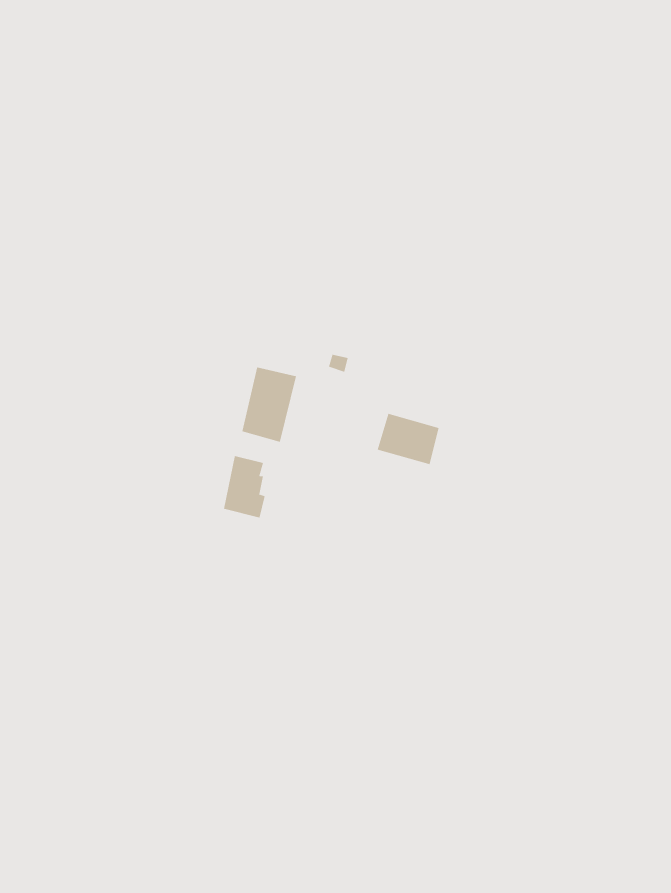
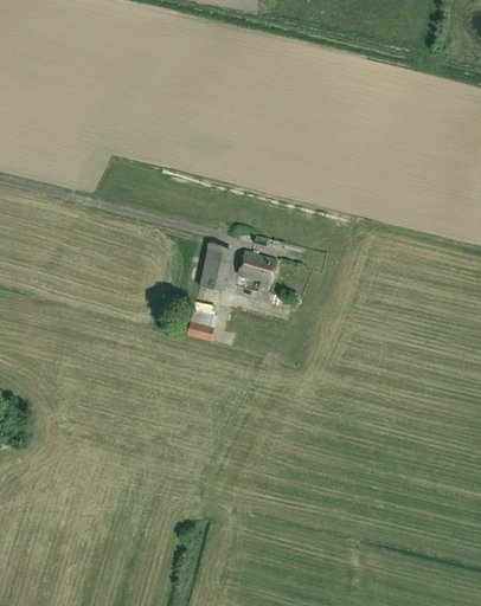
building: [377,413,440,465] -> [238,251,278,284]

